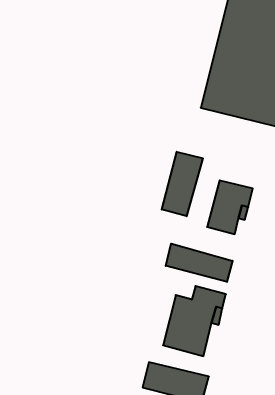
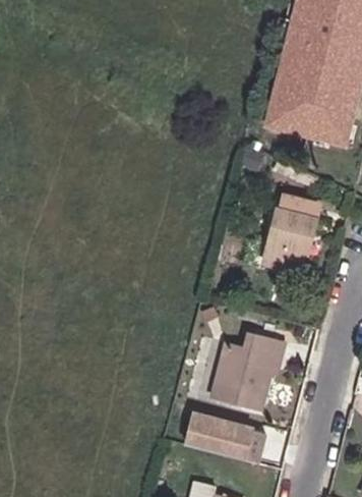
building: [162,152,203,216] -> none
building: [166,244,233,282] -> none

